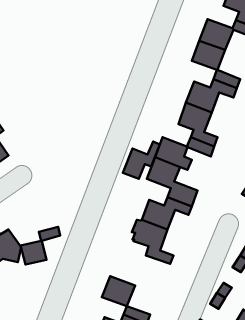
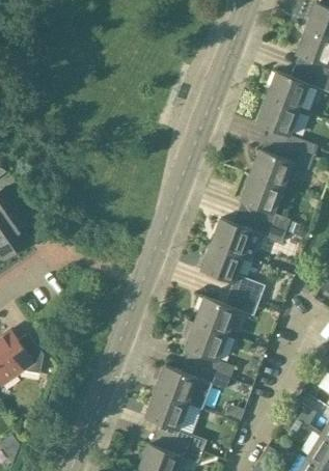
building: [123,142,160,179] -> none
building: [21,227,60,265] -> none
building: none -> [155,367,229,411]

